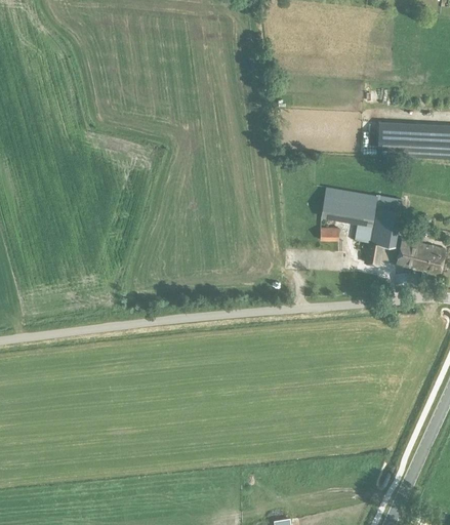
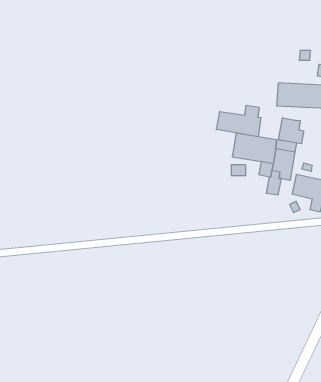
building: none -> [216,105,261,137]
building: none -> [279,118,304,144]

